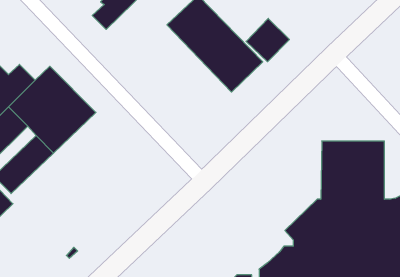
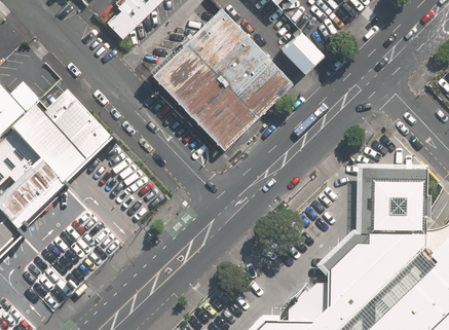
building: none -> [153,40,259,148]

